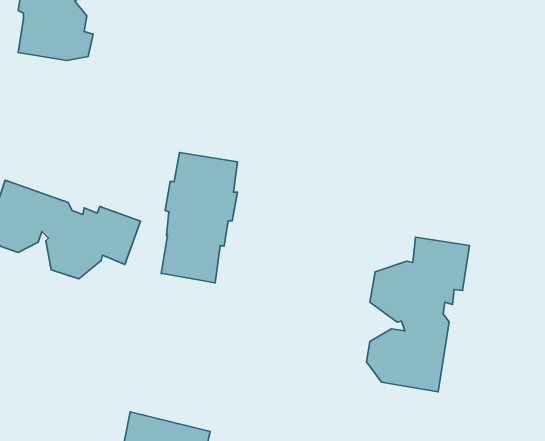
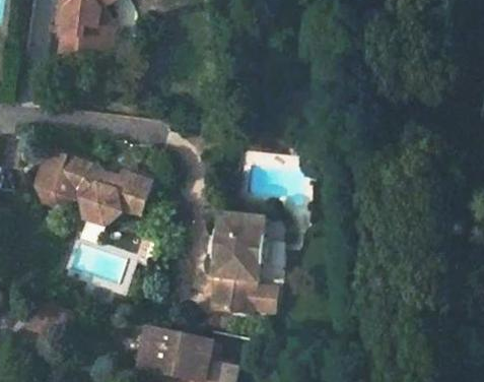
building: [161,153,237,283] -> [213,216,272,317]
building: [367,237,470,392] -> none

